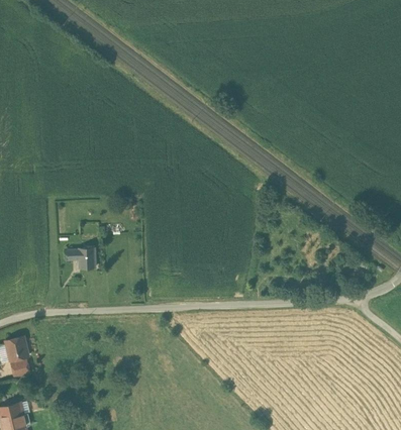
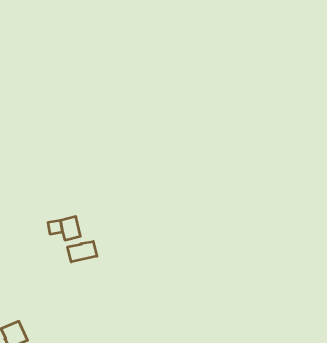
building: none -> [68,241,97,262]

